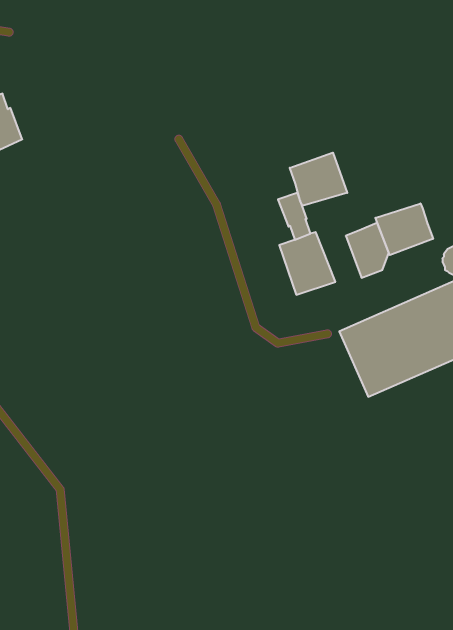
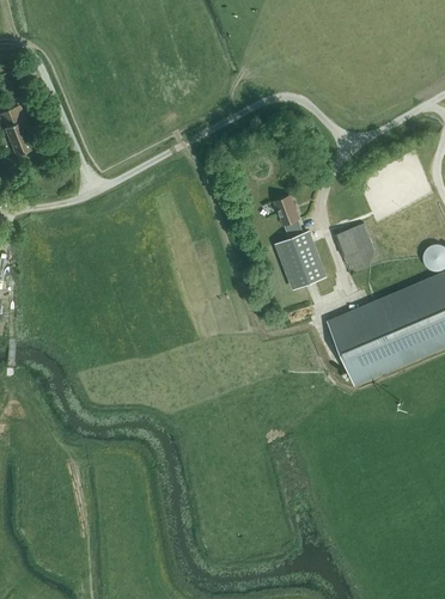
building: [290,153,347,206] -> none
building: [375,203,433,255] -> none

